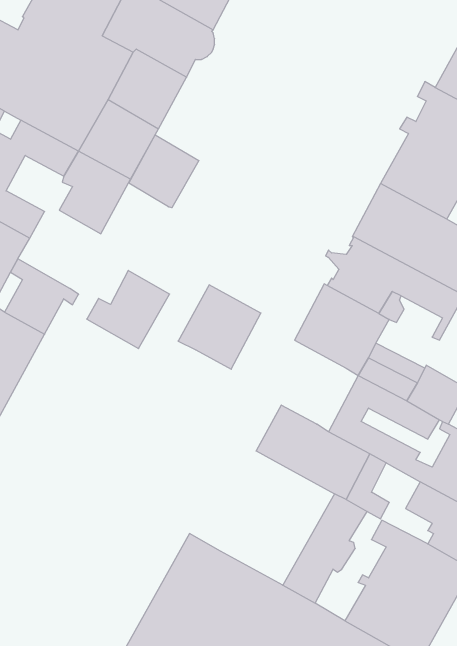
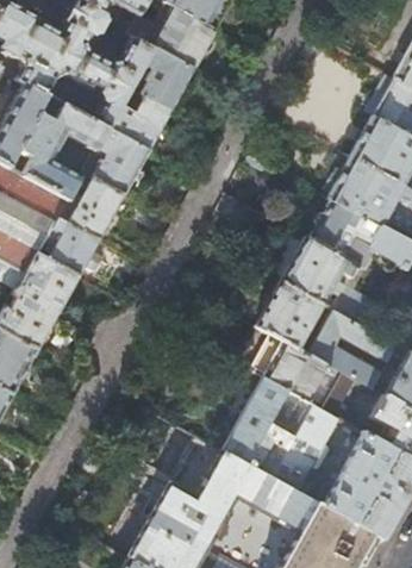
building: [129,135,199,208] -> none
building: [87,270,170,349] -> [57,177,124,241]
building: [178,285,261,369] -> [255,282,322,350]
building: none -> [220,379,312,480]

